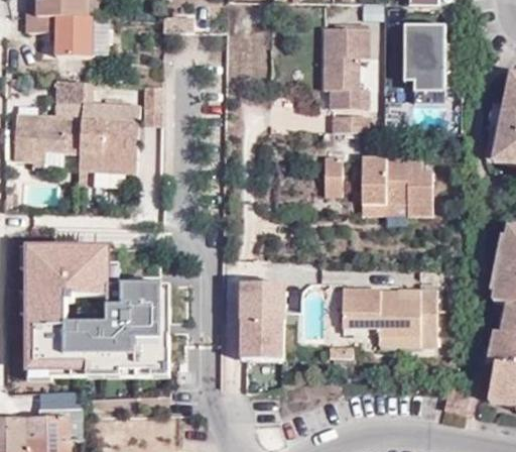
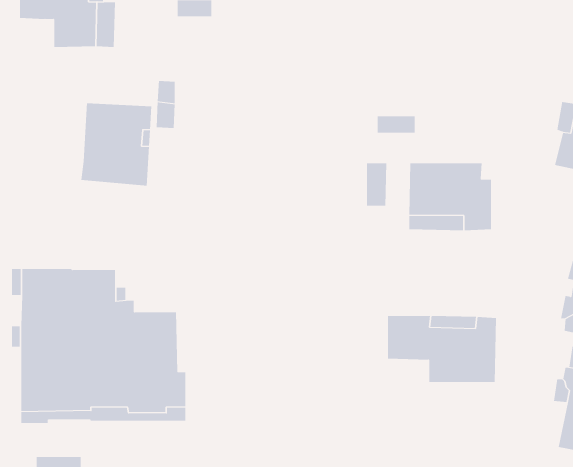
building: [403,25,462,98] -> none
building: [322,28,368,107] -> none
building: [14,79,85,161] -> none
building: [242,282,284,359] -> none

